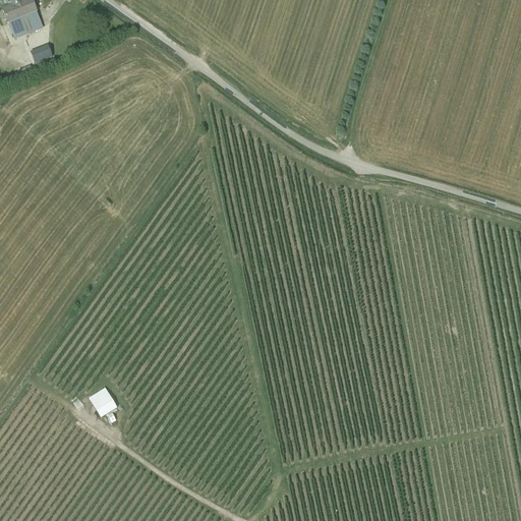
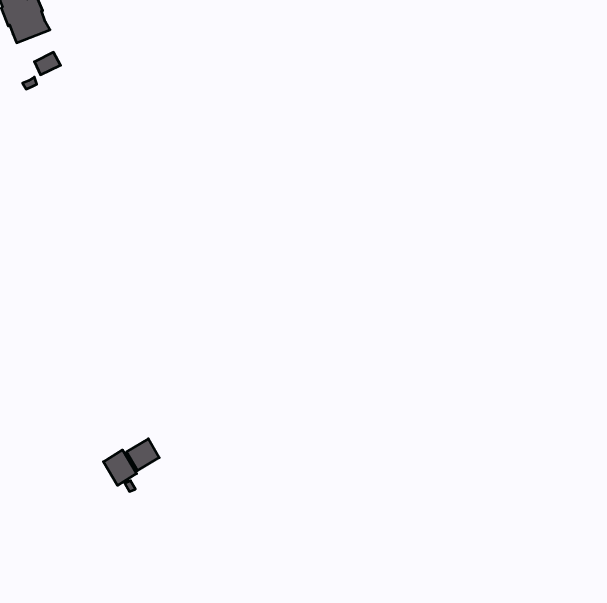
building: none -> [127,439,159,471]

